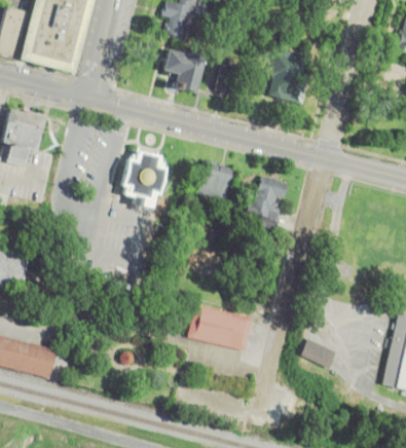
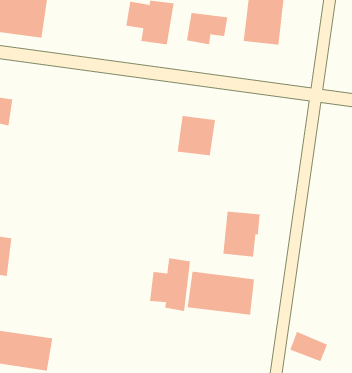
building: [120,152,165,201] -> none
building: [247,174,286,219] -> [222,211,261,257]
building: none -> [149,258,191,312]
building: [297,336,333,367] -> [289,331,328,362]

